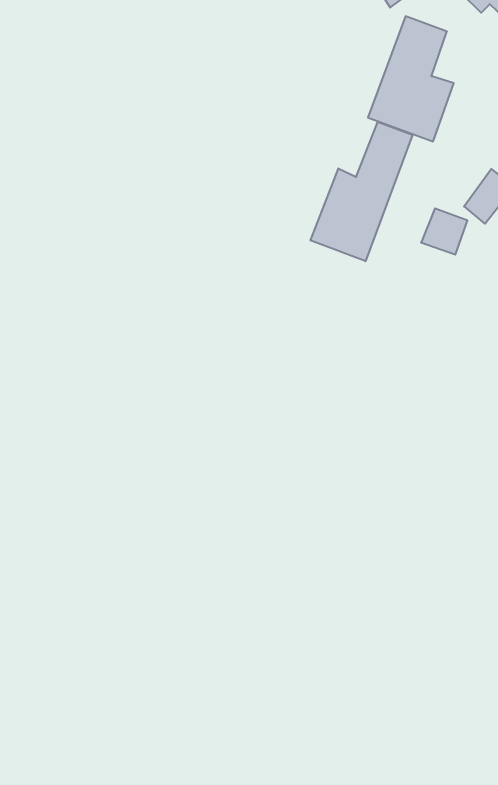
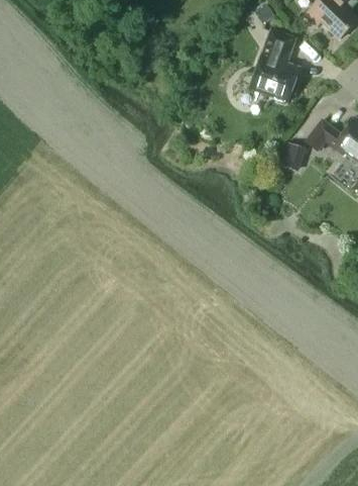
building: [310,122,413,261] -> none

